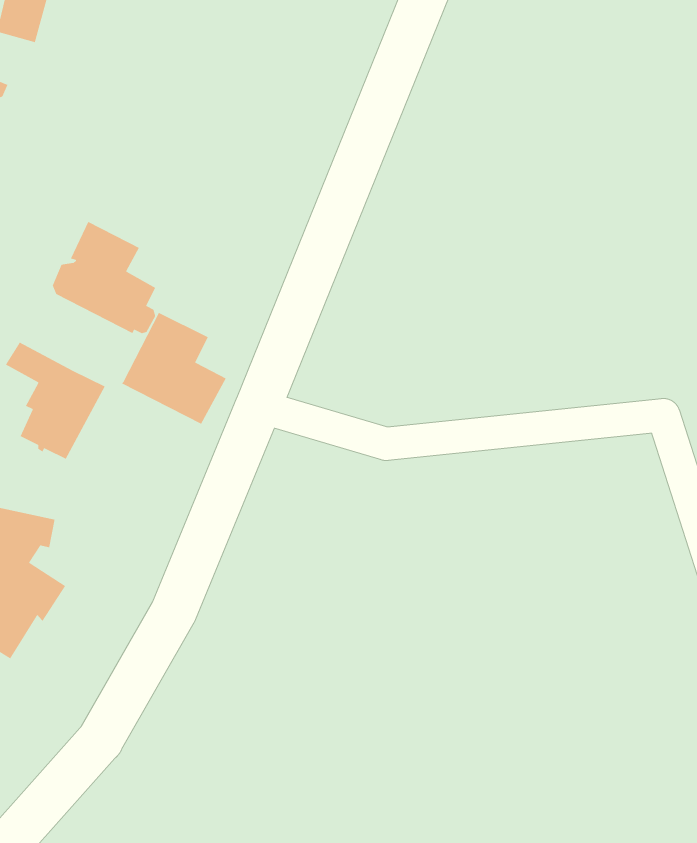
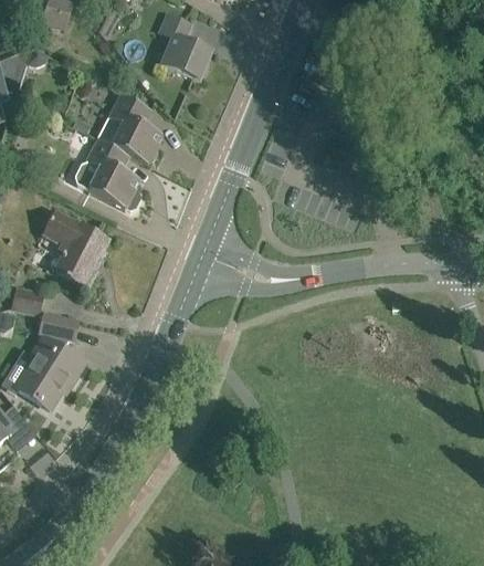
building: none -> [159,12,212,78]
building: [121,312,227,425] -> [97,93,162,163]

